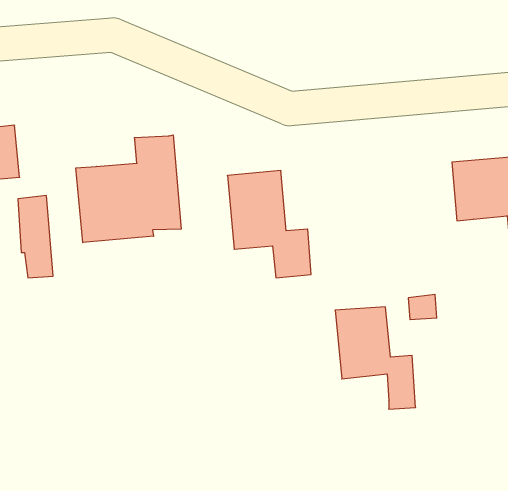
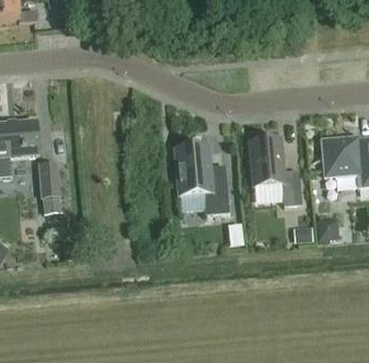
building: [76,135,181,243] -> none
building: [335,307,416,409] -> [250,139,302,206]

